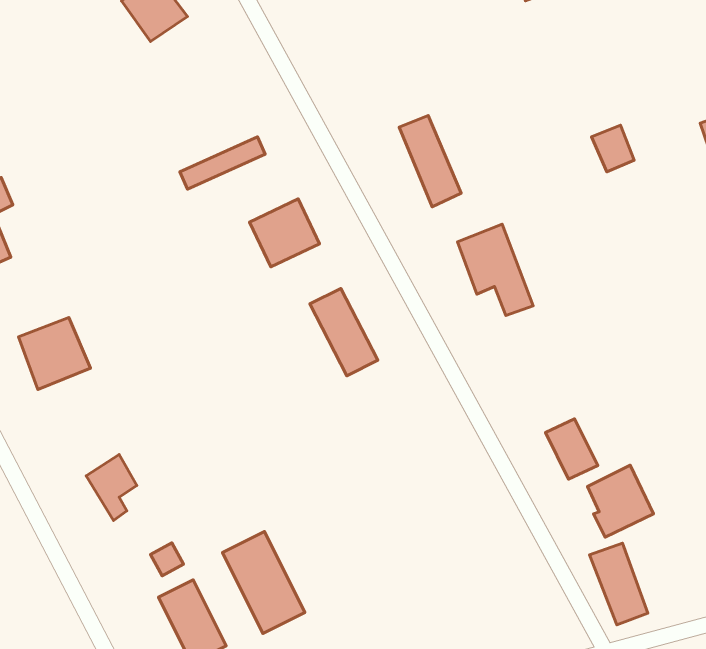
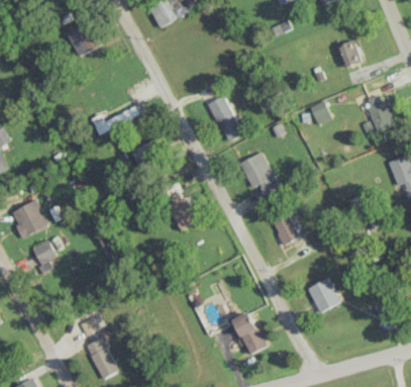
building: none -> [335,39,362,68]
building: [545,419,598,479] -> [271,213,298,245]
building: [86,454,137,520] -> [30,238,57,273]
building: [222,532,305,634] -> none
building: [590,543,648,625] -> [234,311,265,354]

